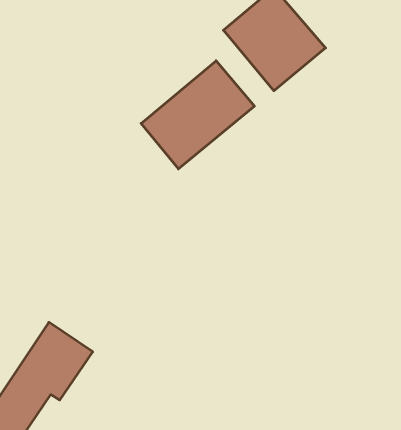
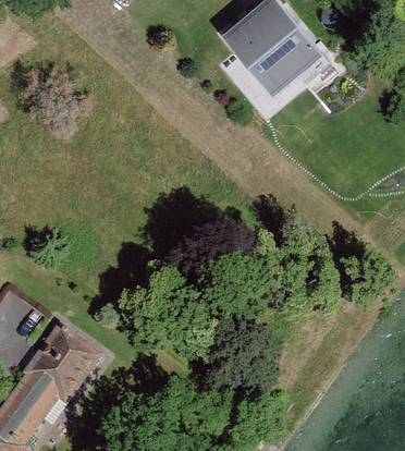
building: [141,61,254,169] -> none

